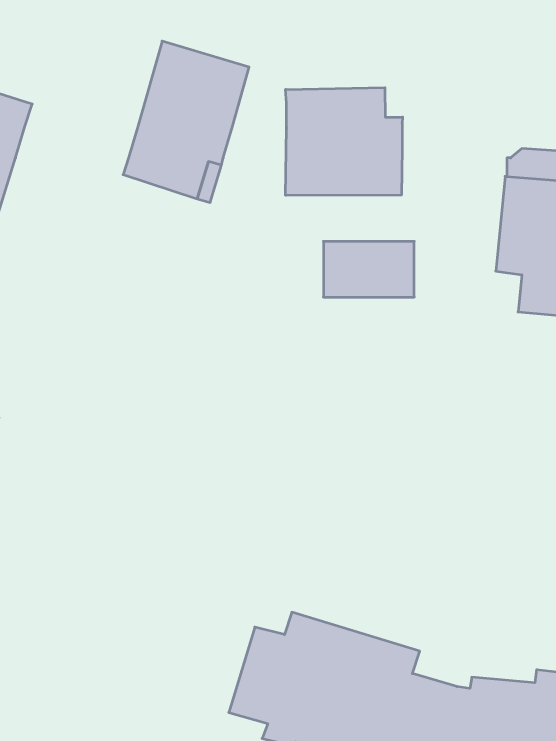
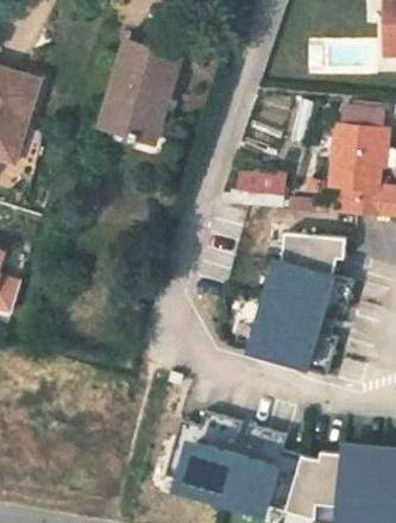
building: [286,88,403,195] -> none
building: none -> [247,225,344,370]

